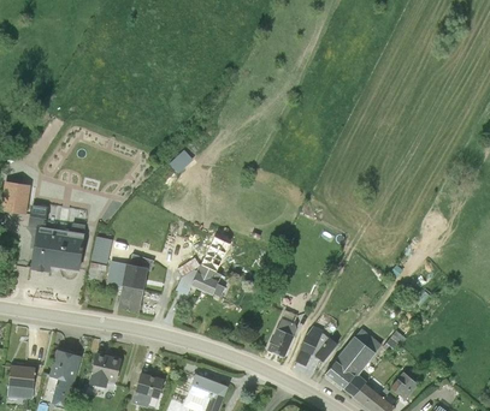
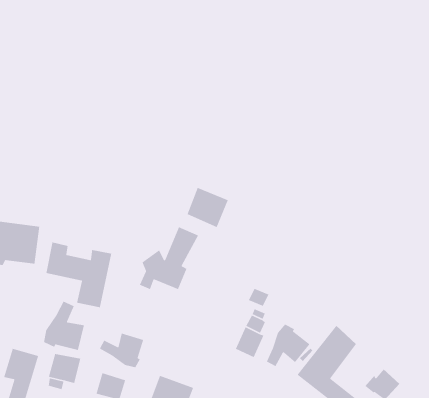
building: none -> [186,187,229,228]
building: none -> [43,300,85,351]
building: none -> [99,333,144,368]

